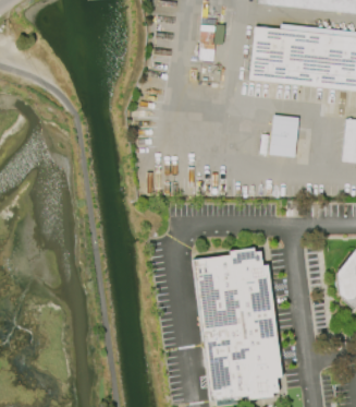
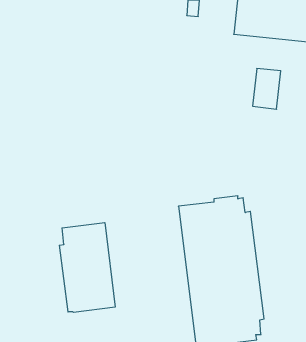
building: none -> [59,223,115,312]

